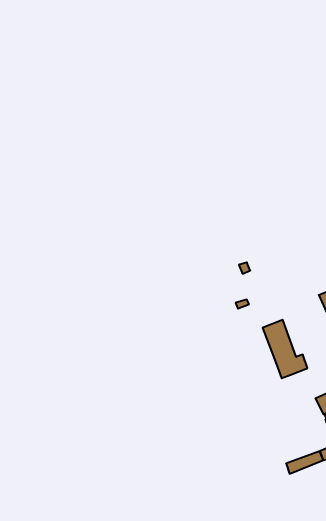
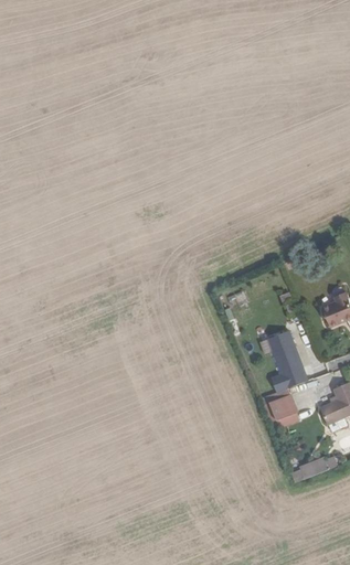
building: none -> [262,387,296,418]

